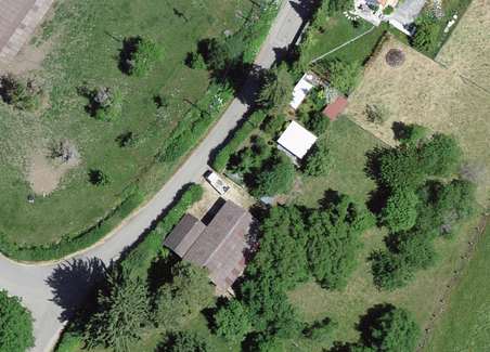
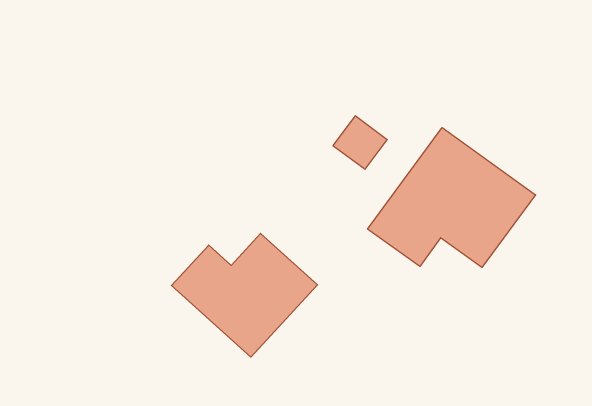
building: none -> [368,128,536,267]

